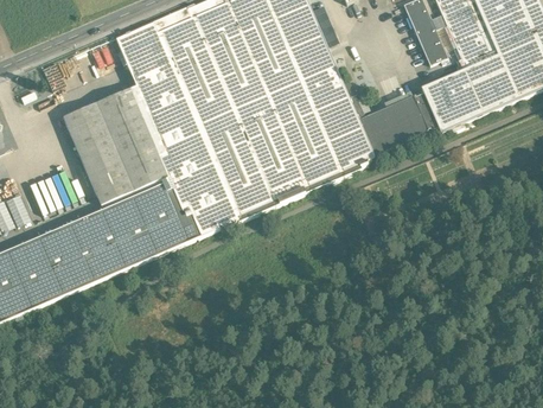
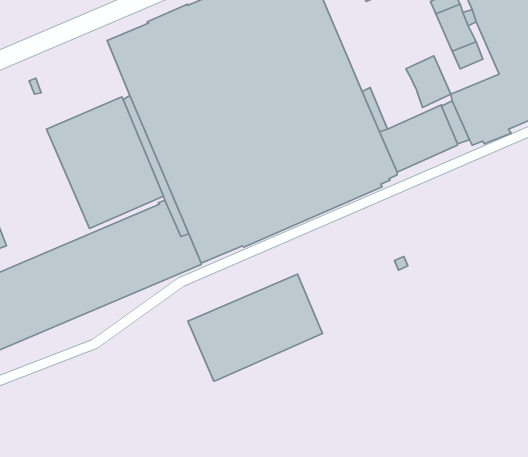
building: none -> [406,56,451,107]
building: none -> [188,274,323,381]

